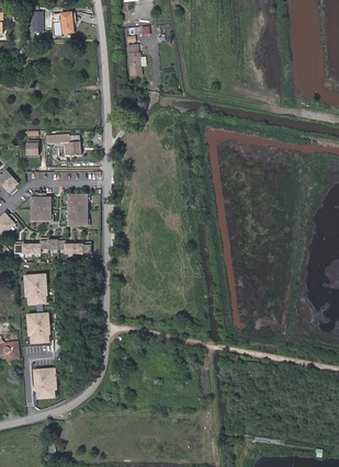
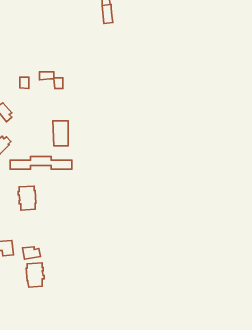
building: [31,193,49,225] -> none
building: [26,312,48,342] -> none

